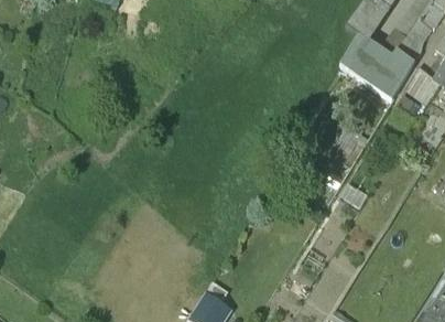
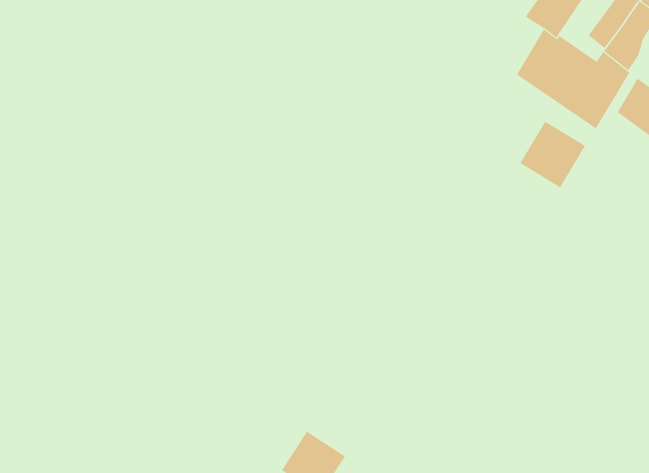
building: none -> [519,121,586,188]

